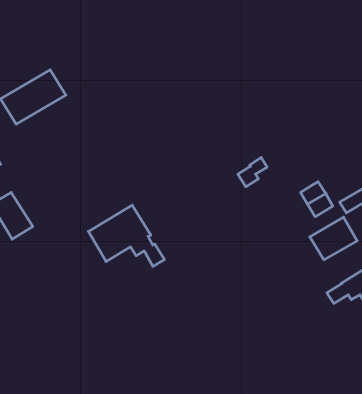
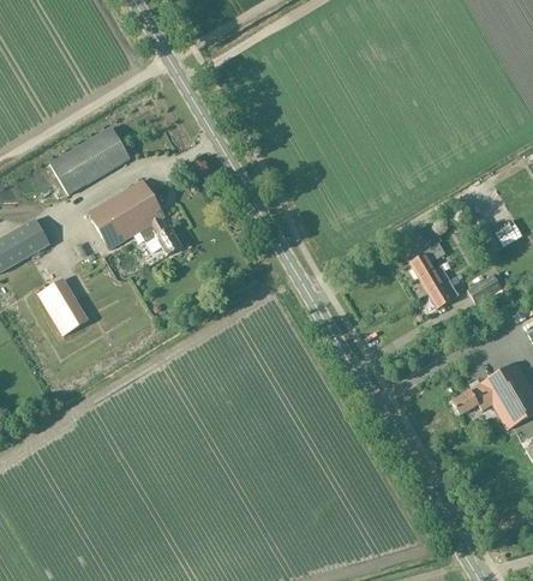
building: [238,157,267,187] -> [409,241,445,277]
building: [88,205,164,266] -> [88,179,181,254]
building: [310,217,357,260] -> none

